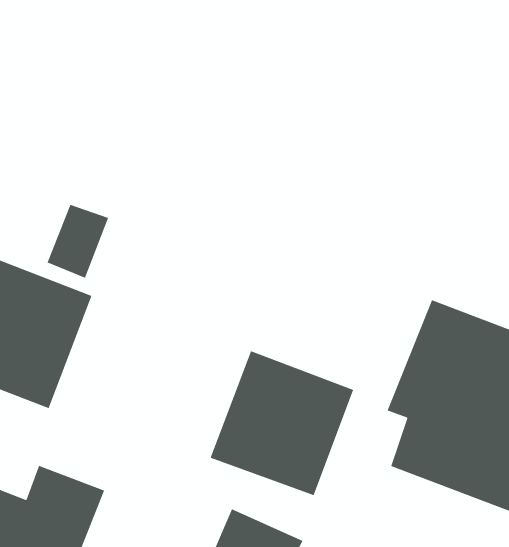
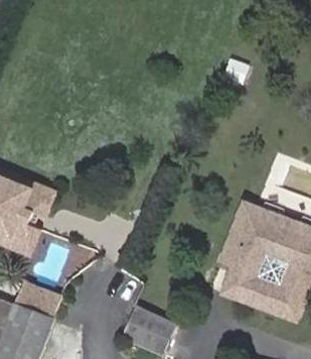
building: [46,204,109,279] -> none
building: [209,350,354,496] -> none

